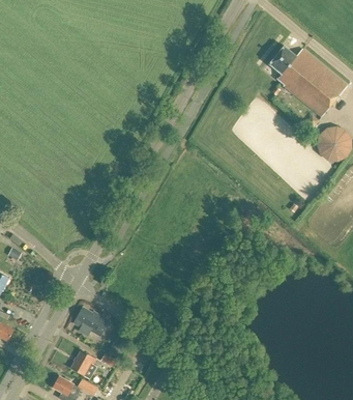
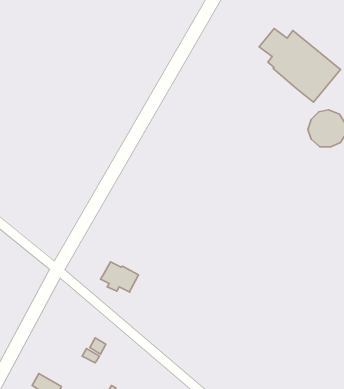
building: [72,308,109,337] -> [101,262,139,292]
building: [70,350,96,379] -> none

